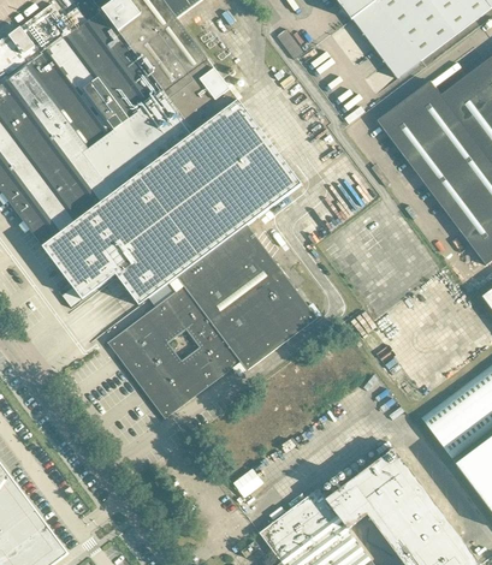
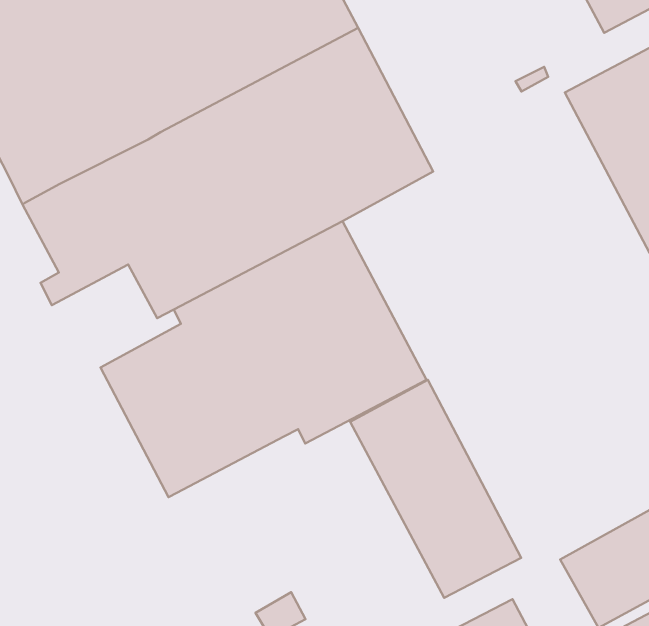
building: none -> [350,380,521,598]

